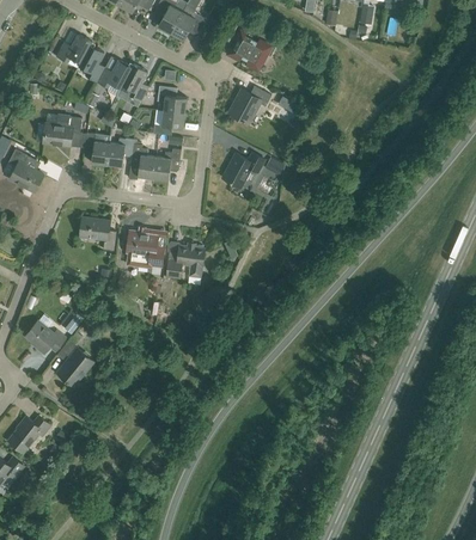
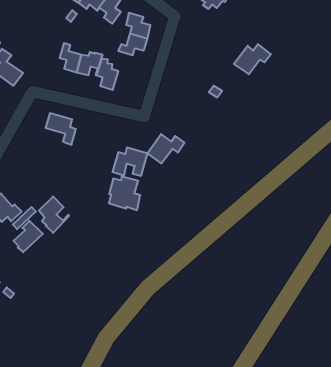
building: [228,86,270,123] -> [234,44,271,74]
building: [42,115,81,146] -> none
building: [152,149,179,180] -> none
building: [221,153,263,188] -> [147,134,184,163]
building: [126,229,163,266] -> [109,176,140,210]
building: none -> [39,196,69,233]

